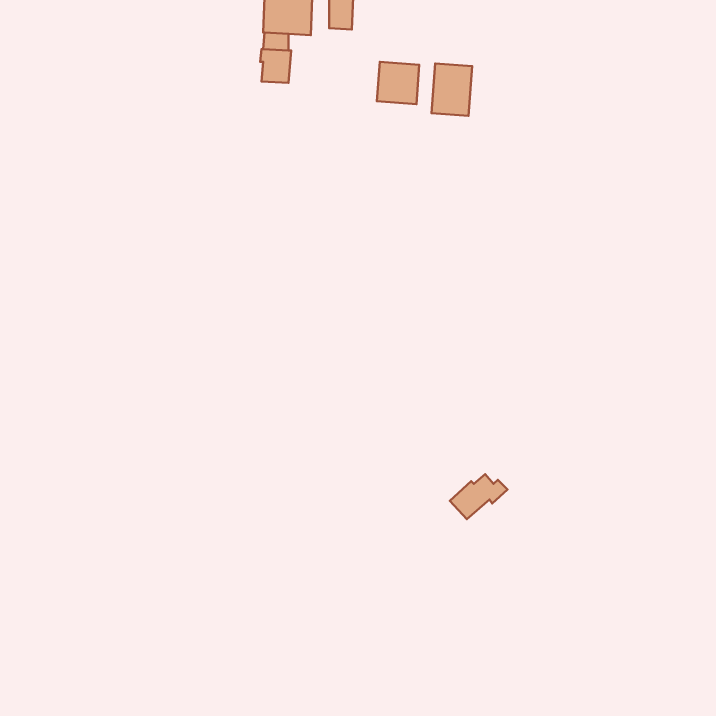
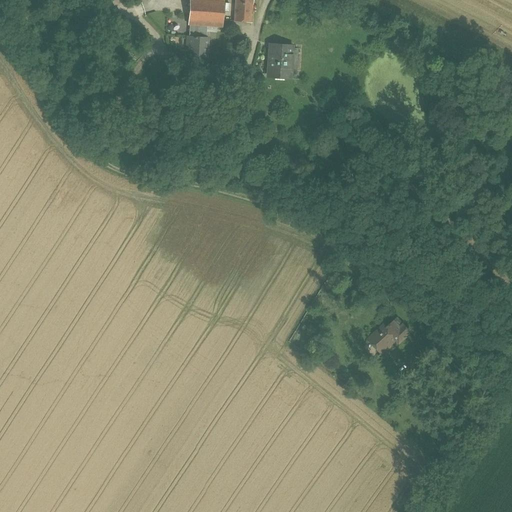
building: [432,64,472,116] -> none
building: [450,474,508,519] -> [368,319,409,351]

